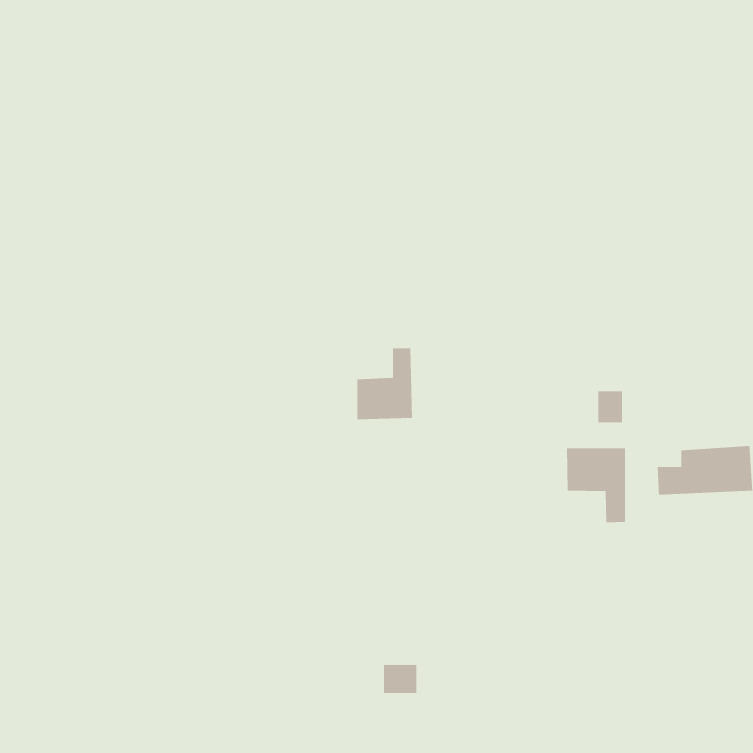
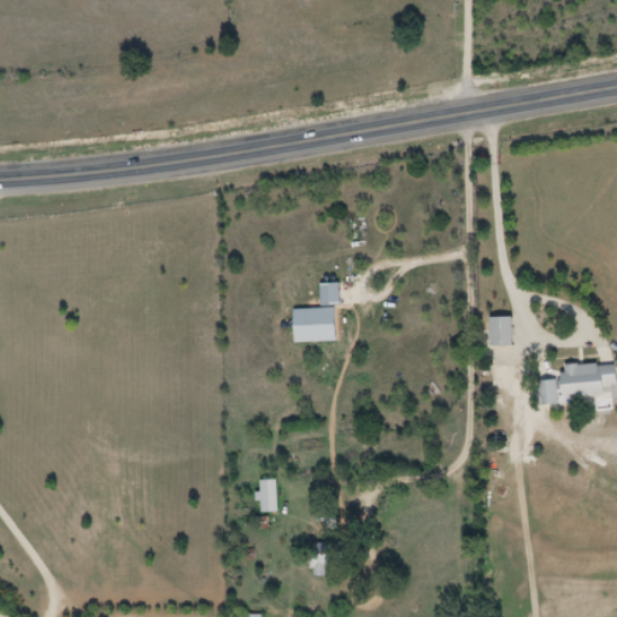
building: [566,448,626,523] -> none
building: none -> [259,477,278,511]

